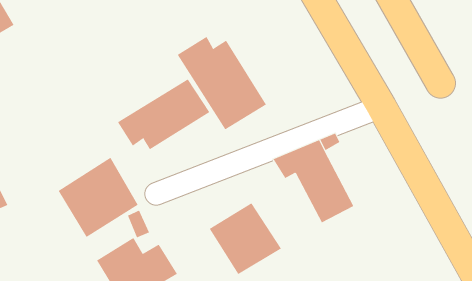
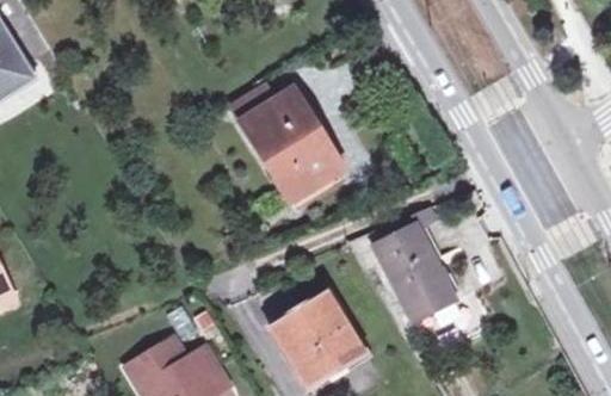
building: [117,78,210,150] -> none
building: [58,157,139,238] -> none

